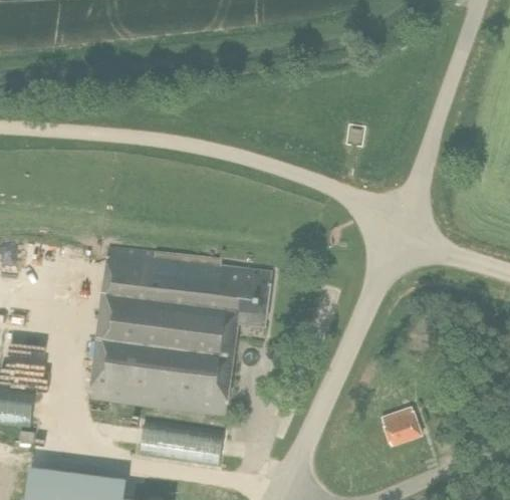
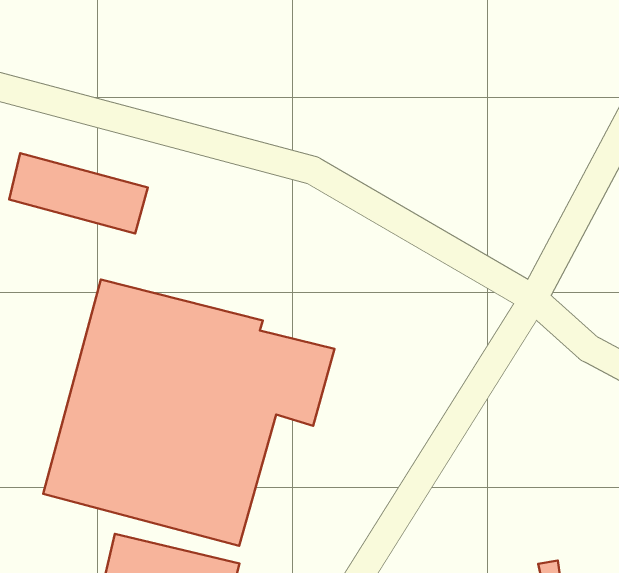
building: none -> [9,153,148,233]

